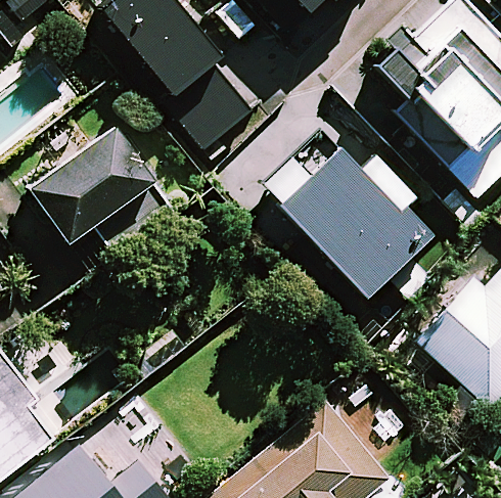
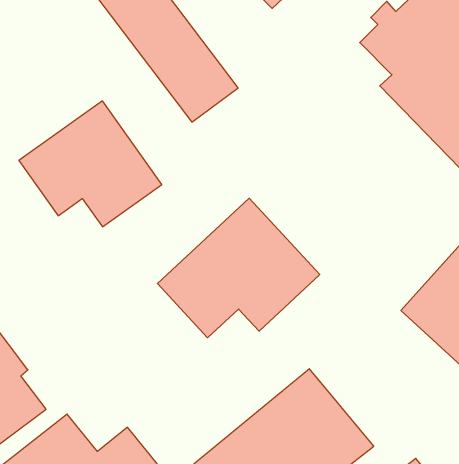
building: [262,148,427,298] -> none
building: none -> [157,198,320,338]

